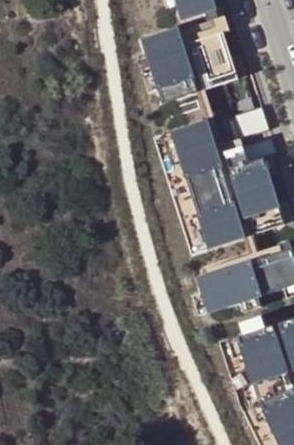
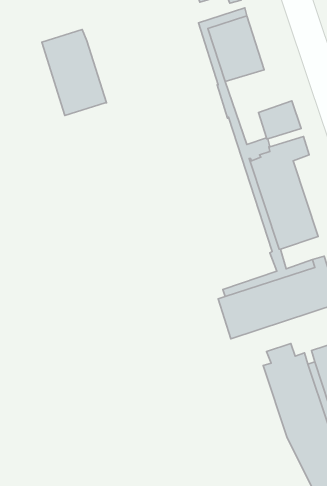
building: [142,28,198,103] -> [42,29,106,116]
building: [172,120,245,249] -> none

